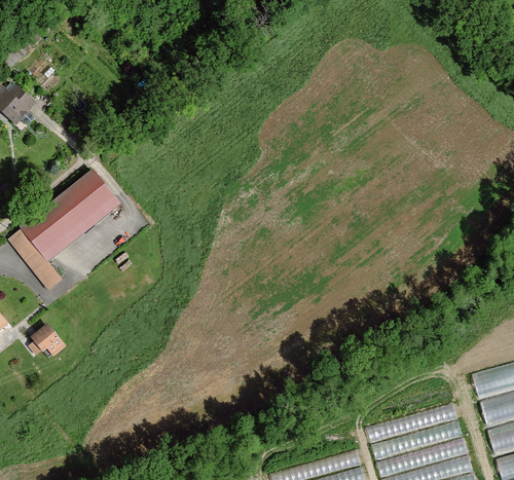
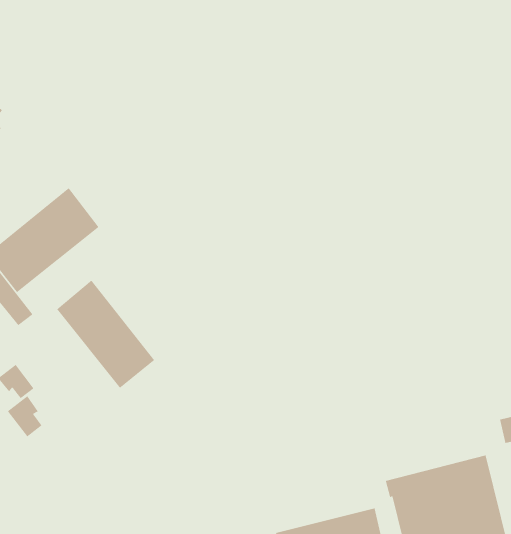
building: none -> [56,280,155,389]
building: none -> [7,395,43,438]

